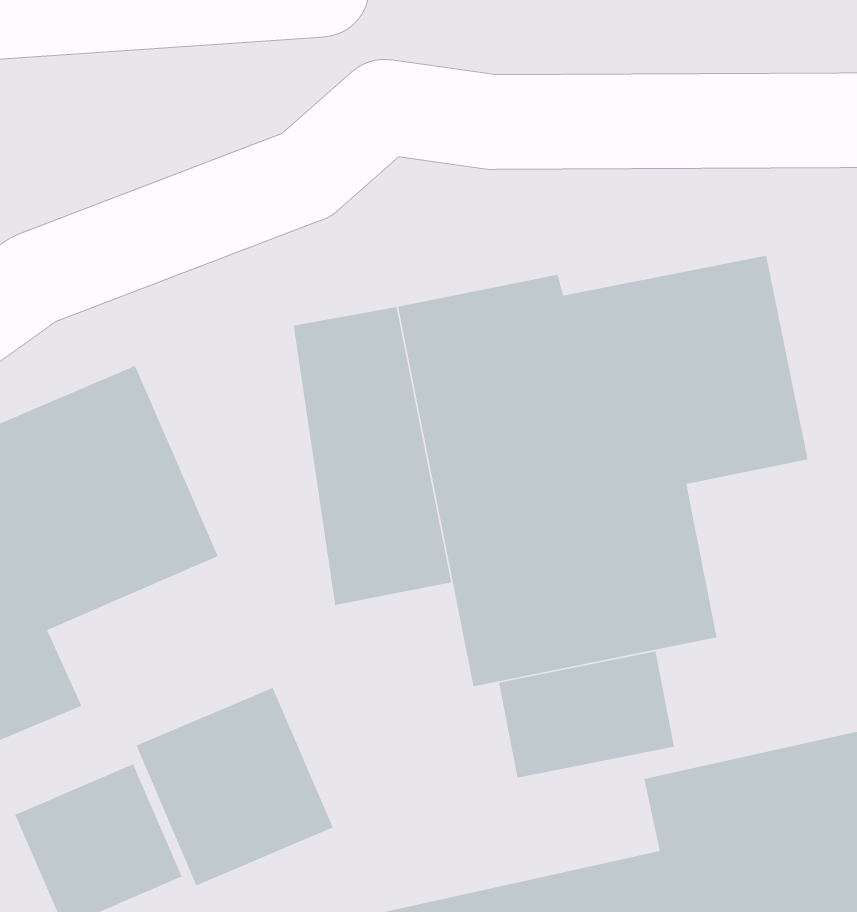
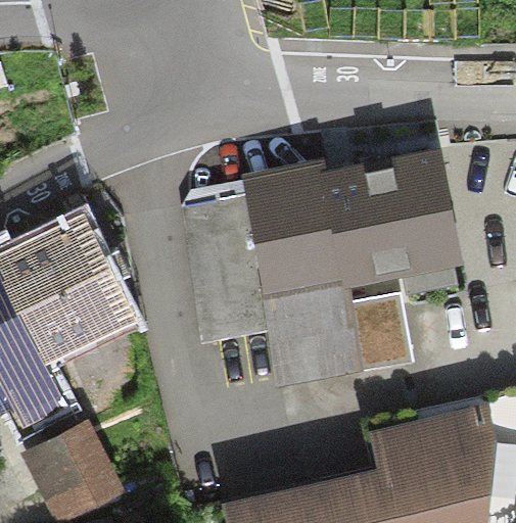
building: [498,651,675,779] -> none
building: [135,687,334,886] -> none

